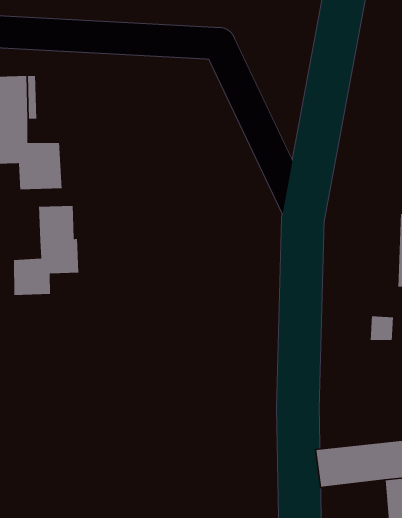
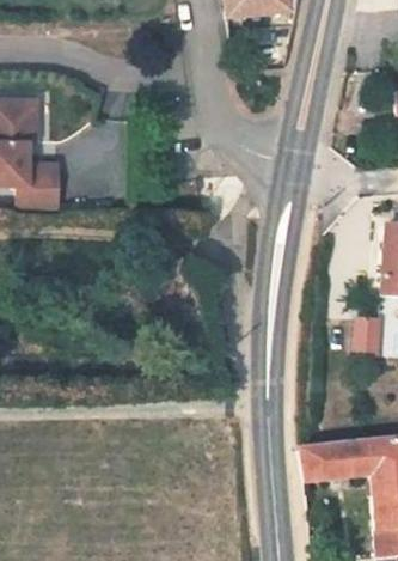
building: [13,205,79,296] -> none

